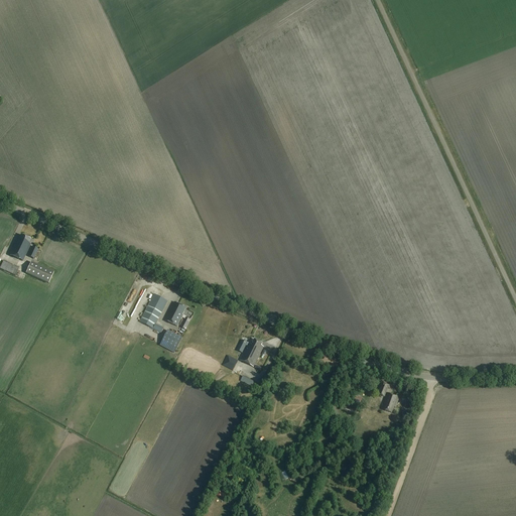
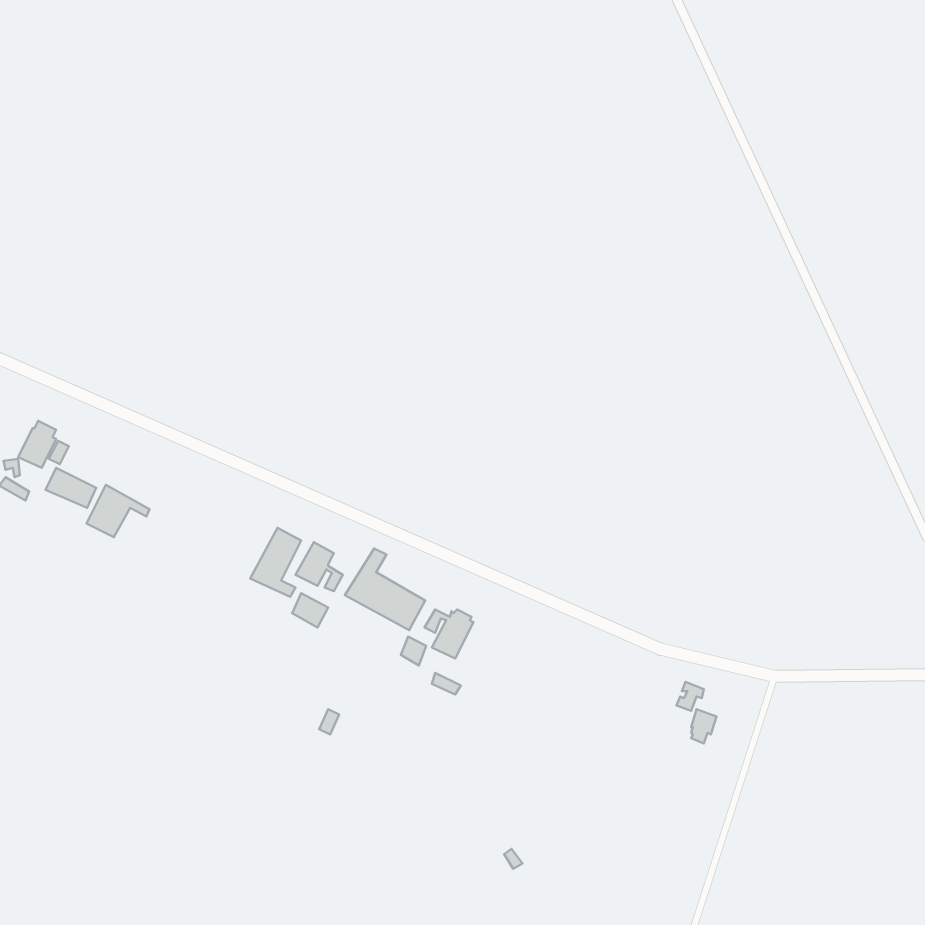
building: none -> [87,485,150,537]
building: none -> [345,549,425,630]

